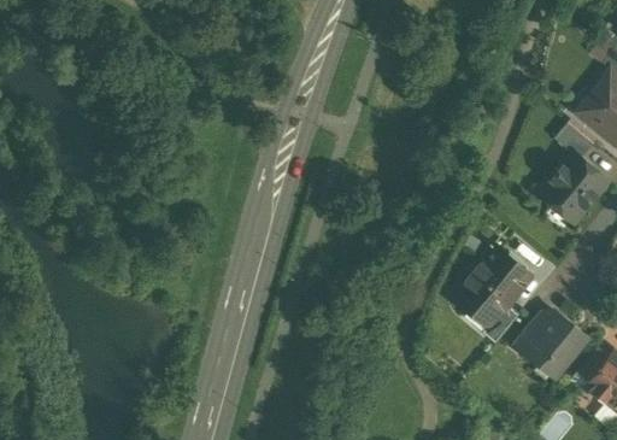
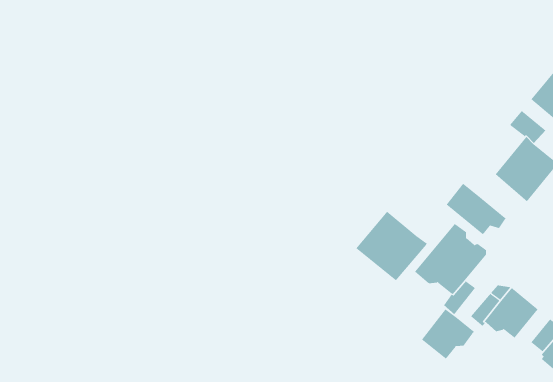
building: none -> [446,183,507,235]
building: none -> [355,211,428,281]
building: none -> [421,308,475,360]

